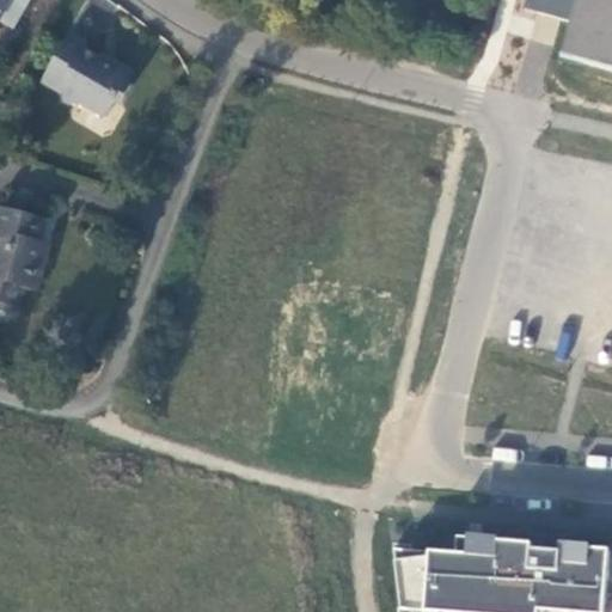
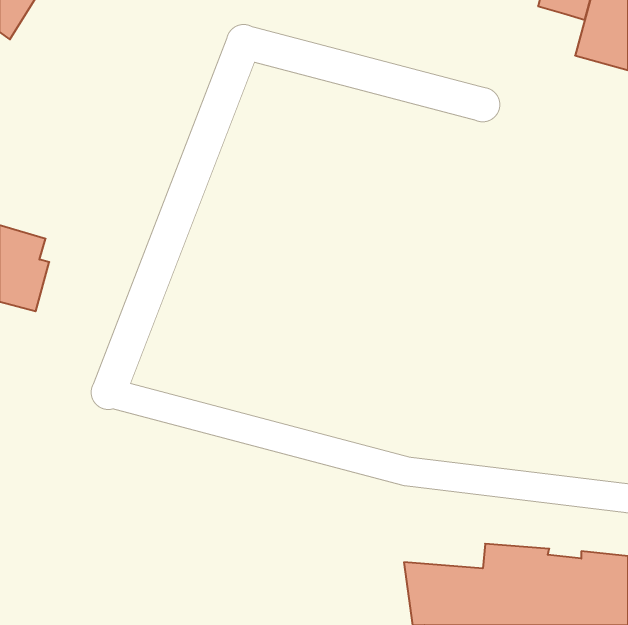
building: [36,44,126,128] -> none

